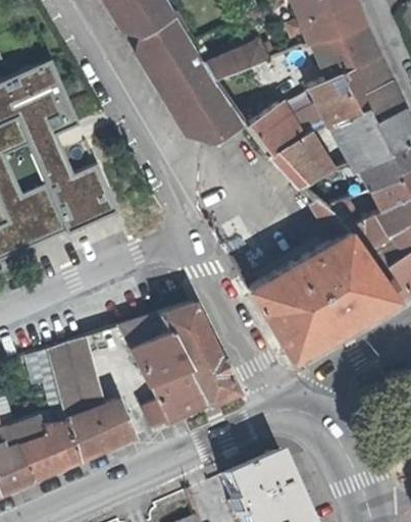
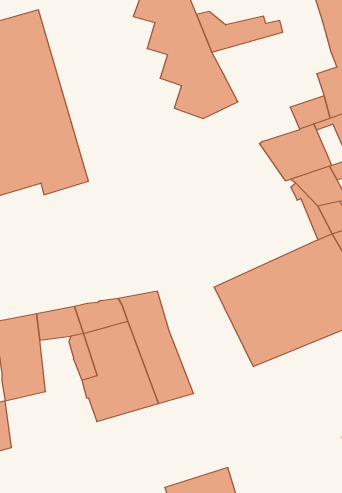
building: [247,103,303,154] -> none
building: [67,401,135,461] -> none

